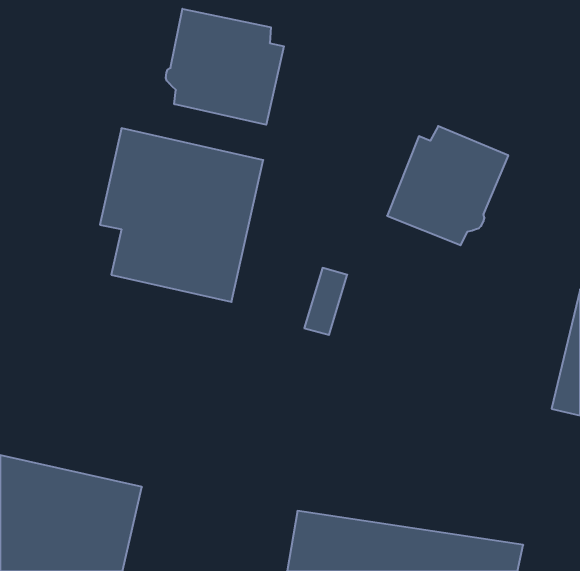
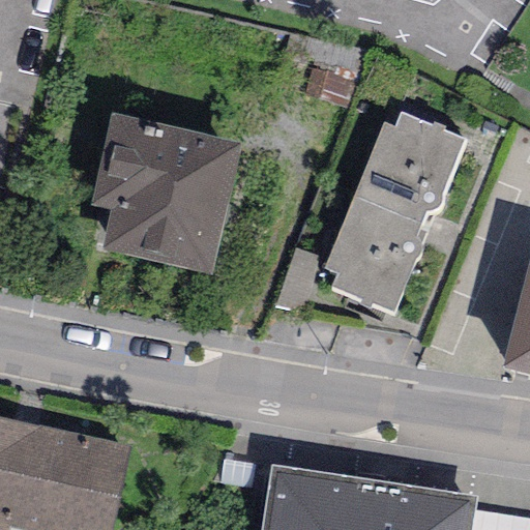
building: [166,9,284,125] -> none
building: none -> [324,197,421,310]

